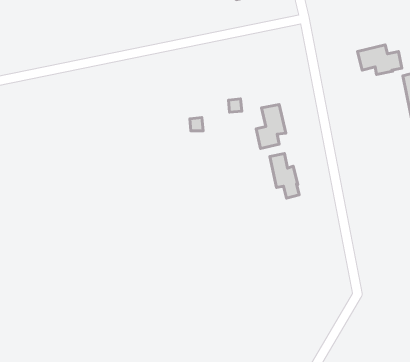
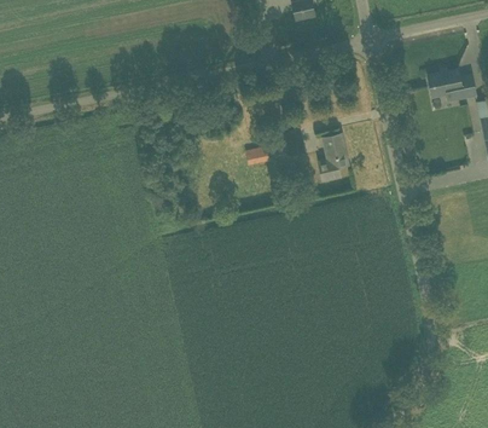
building: [270,153,299,198] -> none

